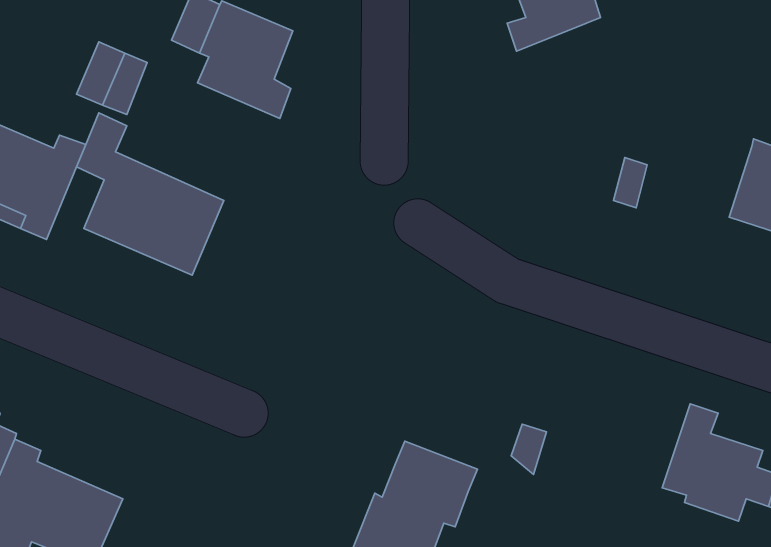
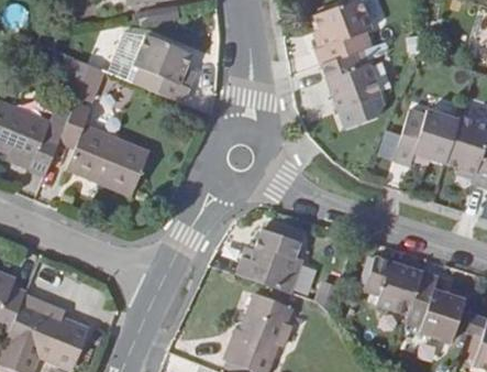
building: none -> [322,51,381,128]
building: none -> [395,109,461,164]
building: none -> [239,214,307,293]
building: none -> [366,255,424,313]

